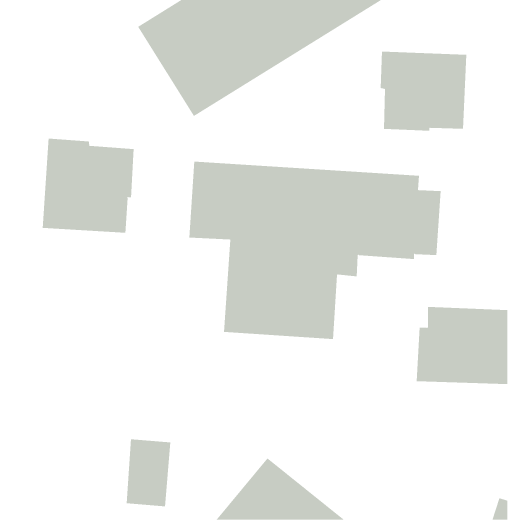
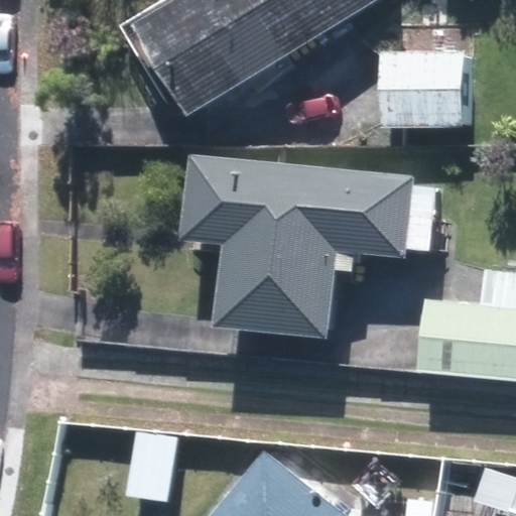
building: [42,138,134,233] -> none

